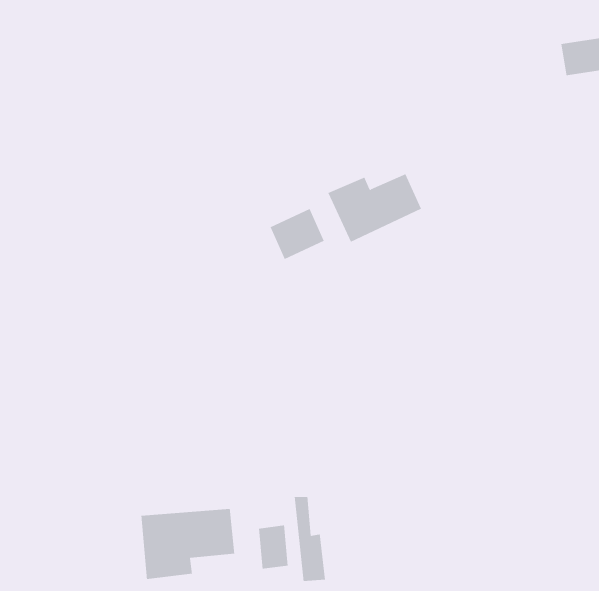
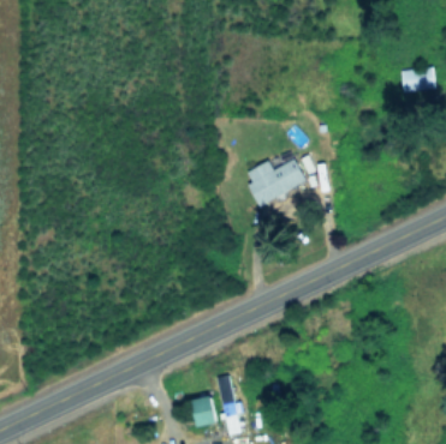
building: [270,208,325,260] -> none
building: [141,508,235,580] -> none

